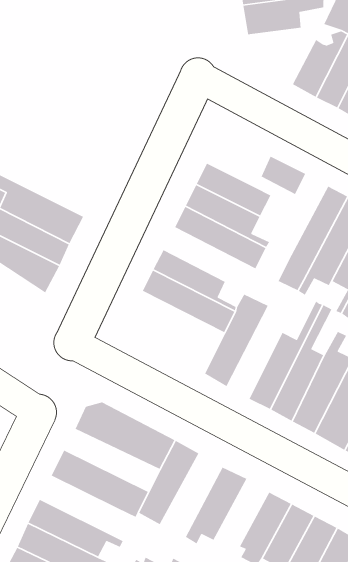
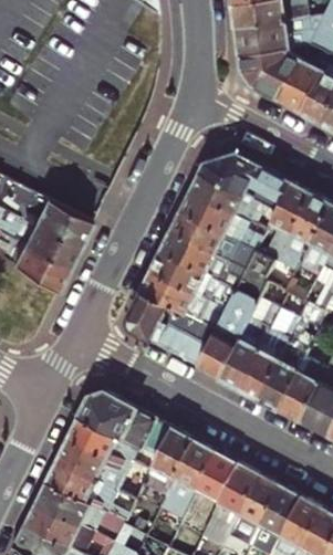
building: none -> [239,49,309,101]
building: none -> [201,153,260,195]
building: none -> [254,182,313,282]
building: none -> [162,232,247,291]
building: none -> [129,291,218,367]
building: none -> [220,297,281,390]
building: none -> [70,418,158,475]
building: none -> [159,440,216,517]
building: none -> [48,461,129,521]
building: none -> [206,463,259,535]

